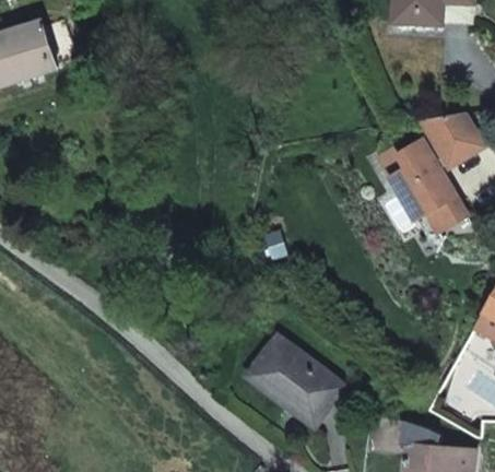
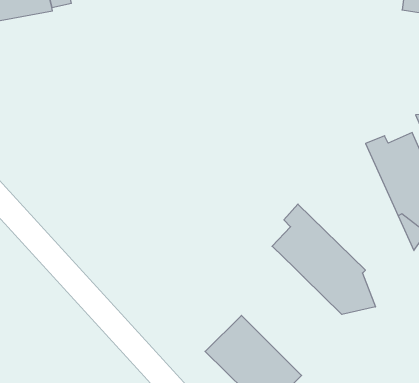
building: none -> [272,204,375,314]

